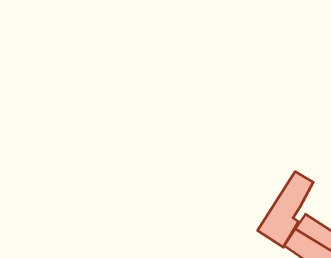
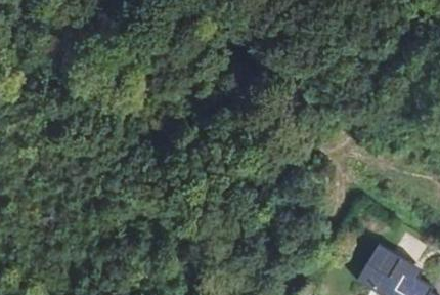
building: [258,172,313,247] -> none

